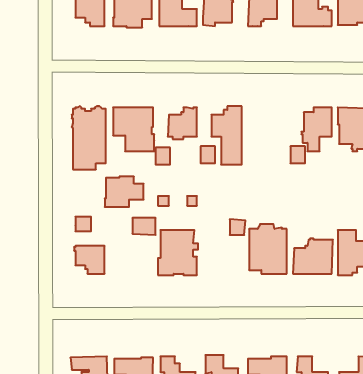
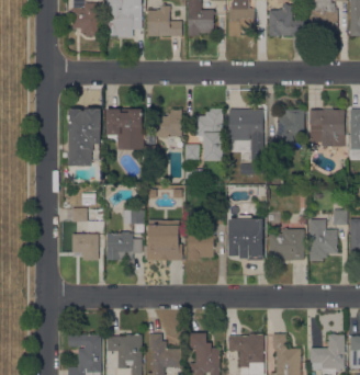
building: none -> [229,109,263,173]
building: [105,177,144,207] -> [106,231,142,259]
building: none -> [188,232,215,259]

